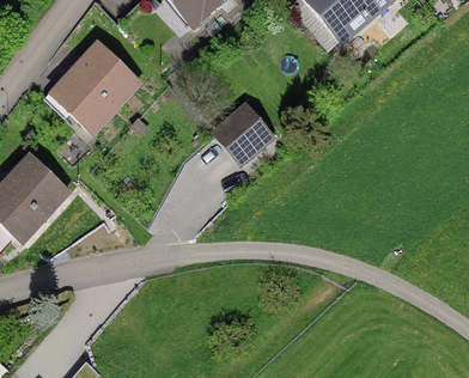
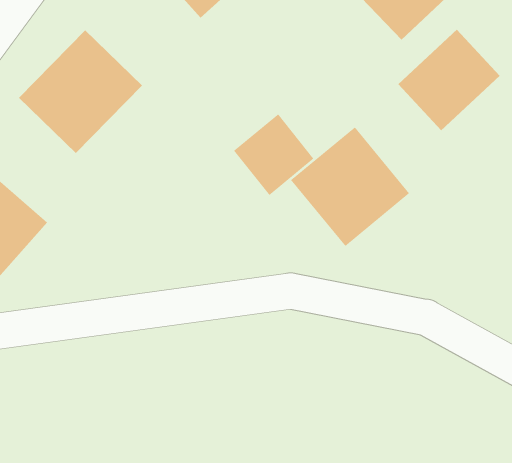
building: none -> [398,29,501,131]
building: none -> [290,126,410,247]

